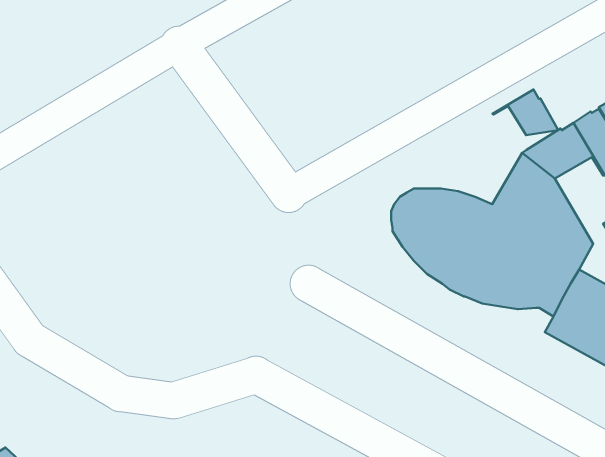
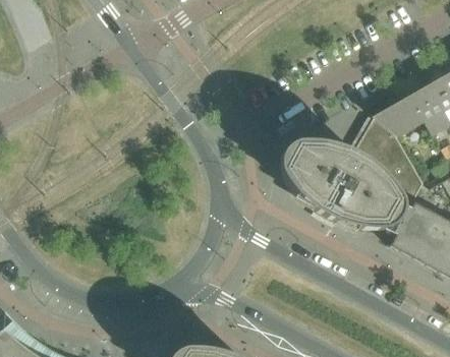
building: [493,90,558,135] -> none

